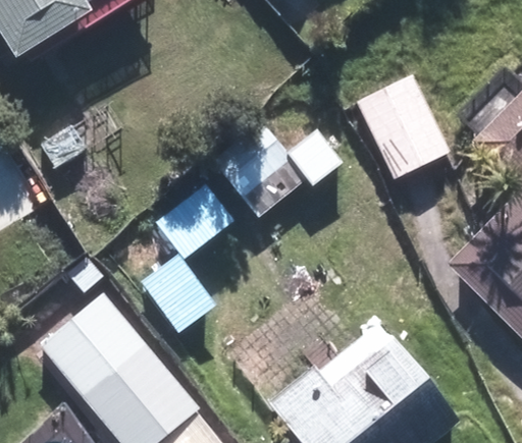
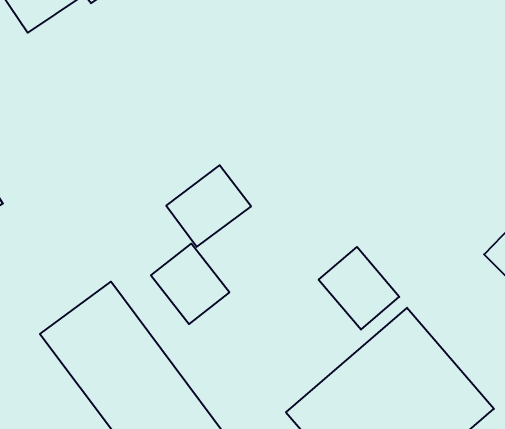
building: [354,73,451,179] -> none
building: [210,115,345,217] -> none

